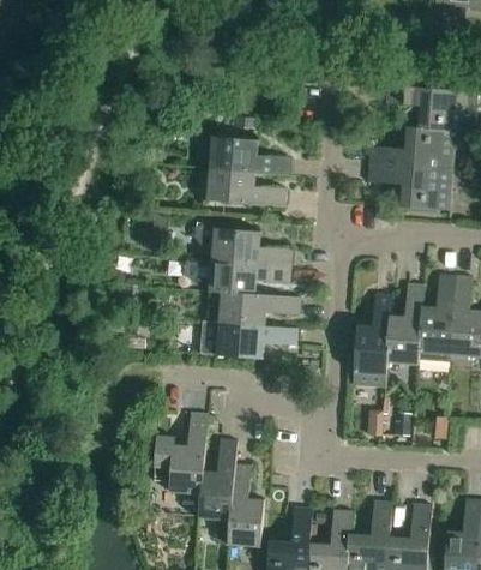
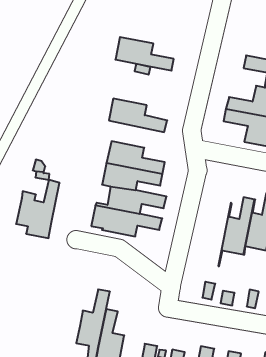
building: [209,137,290,175] -> [115,37,174,71]
building: [353,294,391,386] -> none
building: [152,413,206,494] -> [16,180,60,238]

